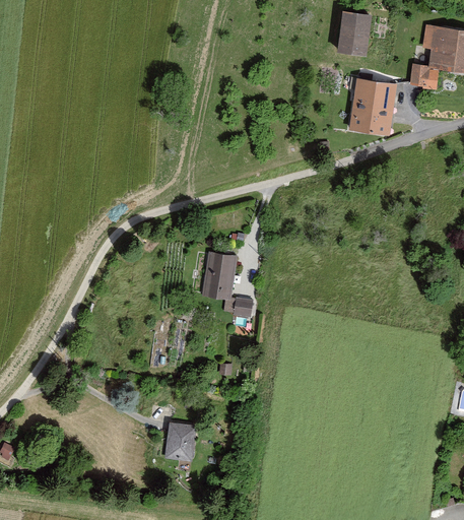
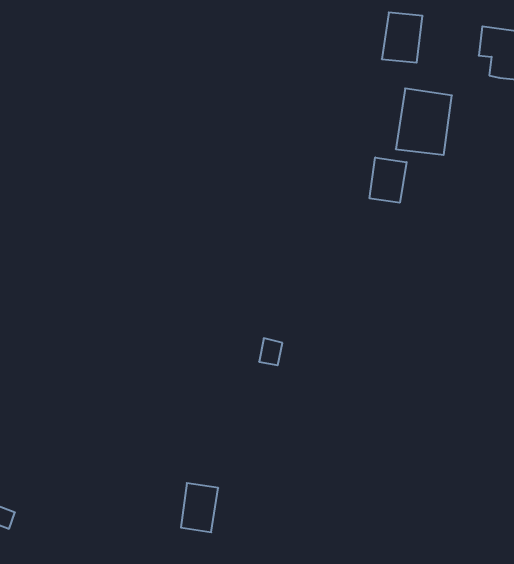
building: [410,64,441,89] -> none
building: none -> [370,157,407,203]
building: [200,251,236,300] -> none

